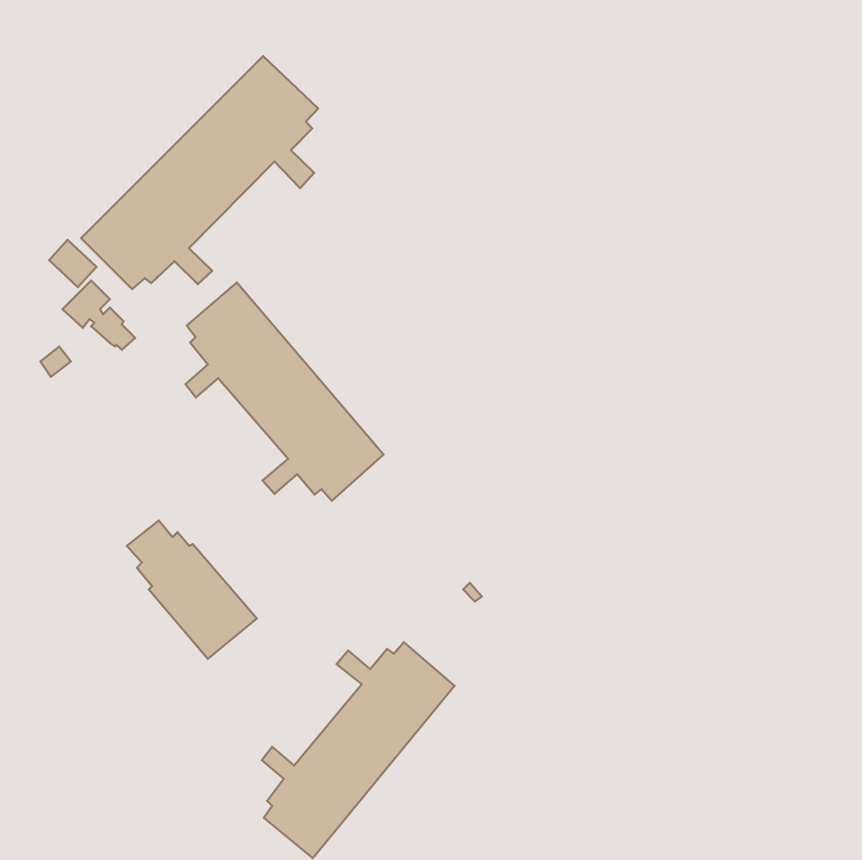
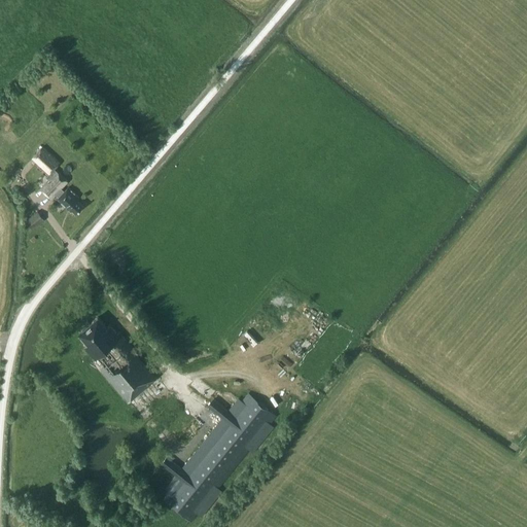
building: [81,56,318,289] -> none
building: [185,282,384,501] -> none

